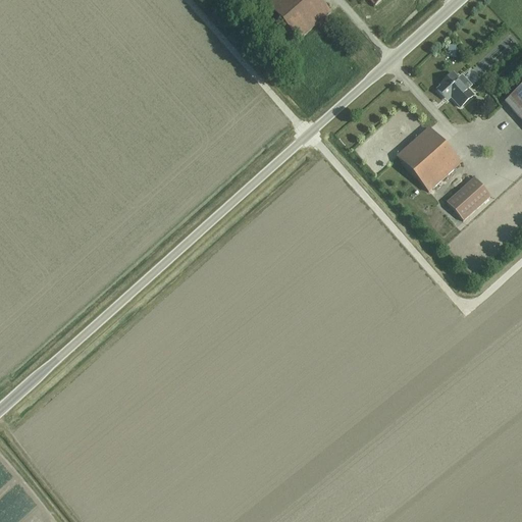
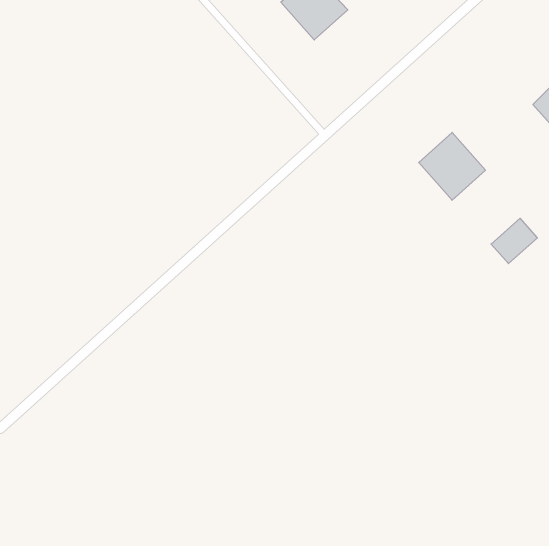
building: [437,71,473,105] -> none
building: [447,176,490,219] -> [491,218,537,264]

